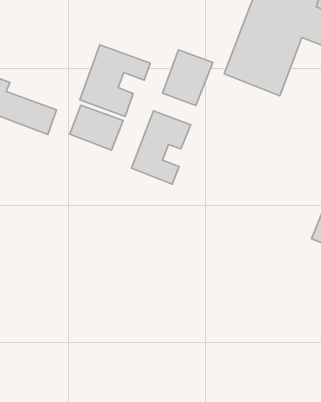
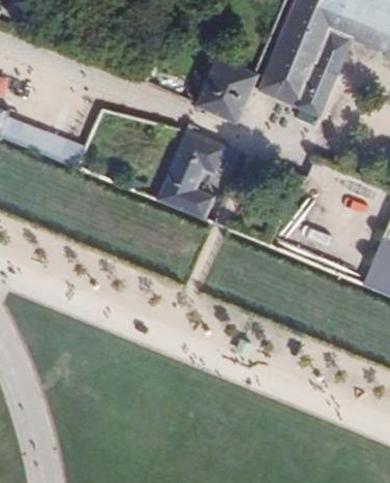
building: [80,45,150,117] -> none
building: [70,105,123,150] -> none

